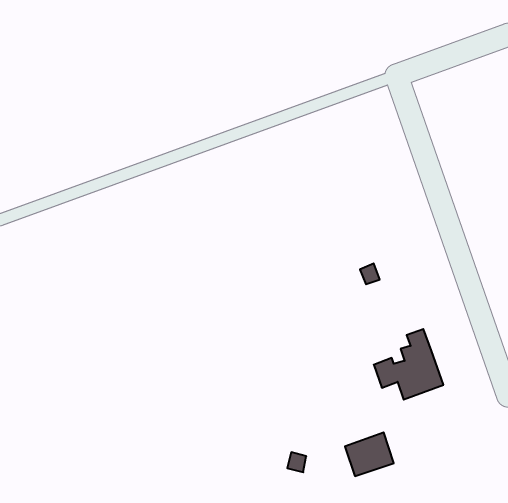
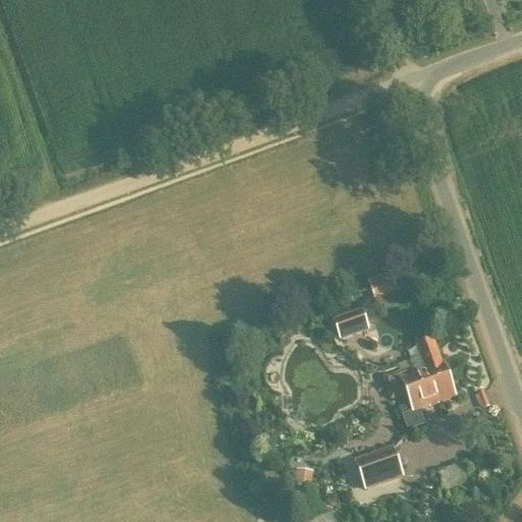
building: none -> [331,306,369,338]

